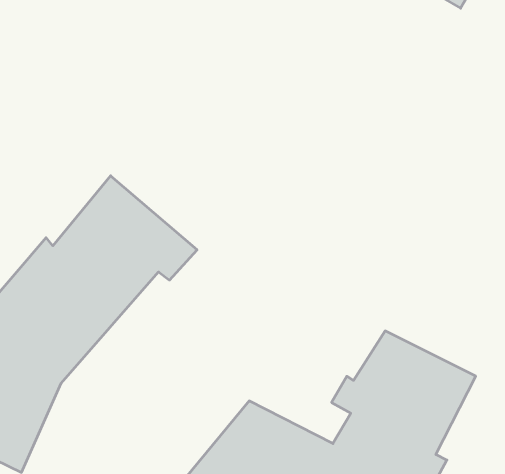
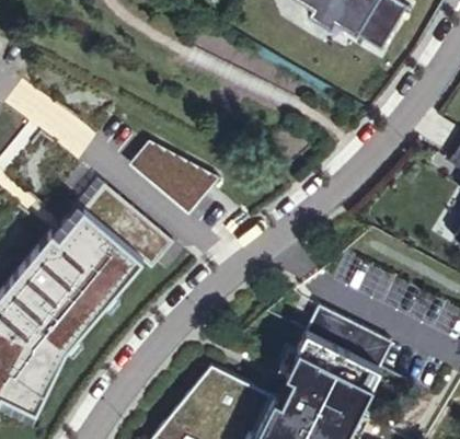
building: none -> [131,136,216,212]

